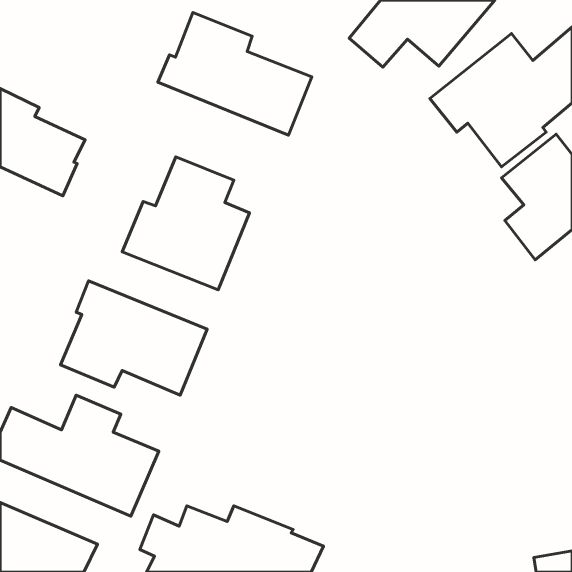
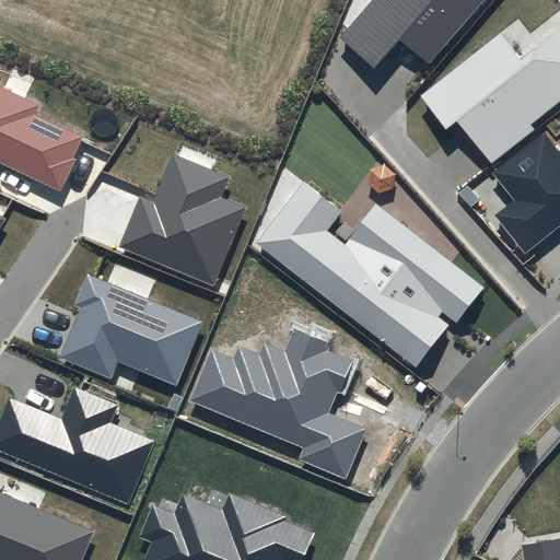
building: [158,12,312,135] -> none
building: none -> [255,180,486,368]
building: none -> [191,329,366,478]

